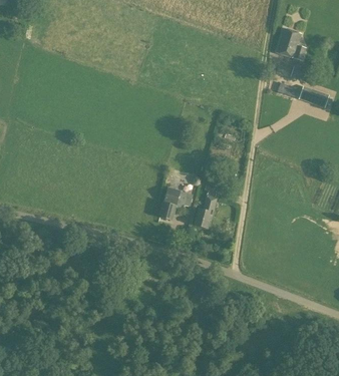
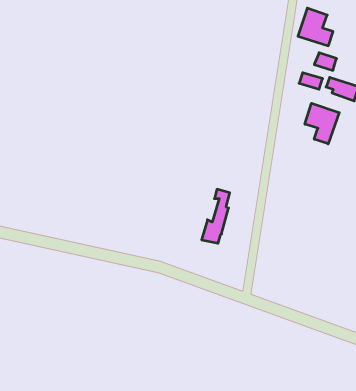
building: none -> [305,103,339,144]
building: [160,187,193,221] -> none

